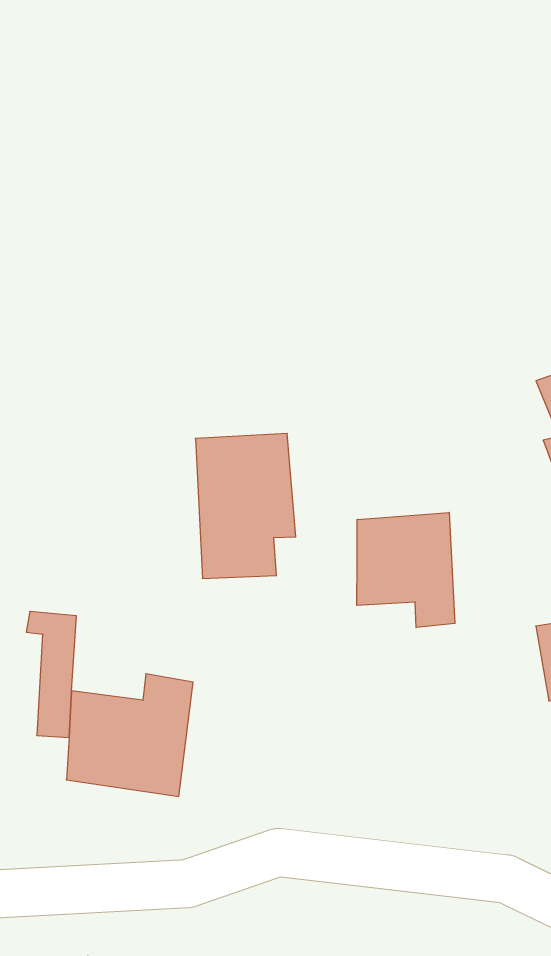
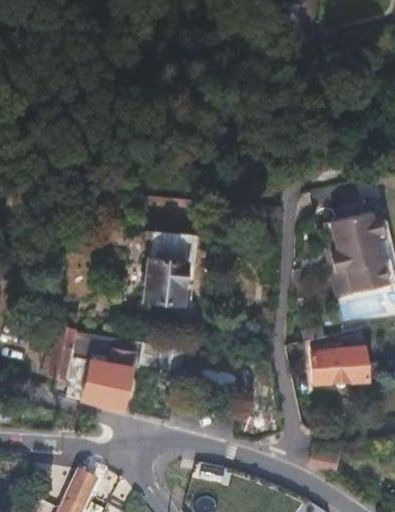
building: [357,512,455,628] -> none

